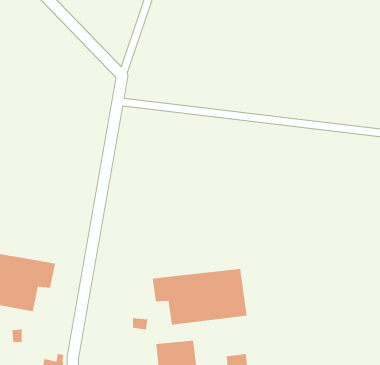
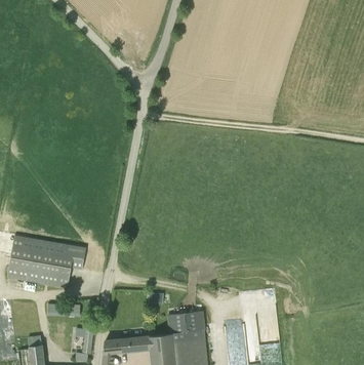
building: [152,268,247,325] -> none

